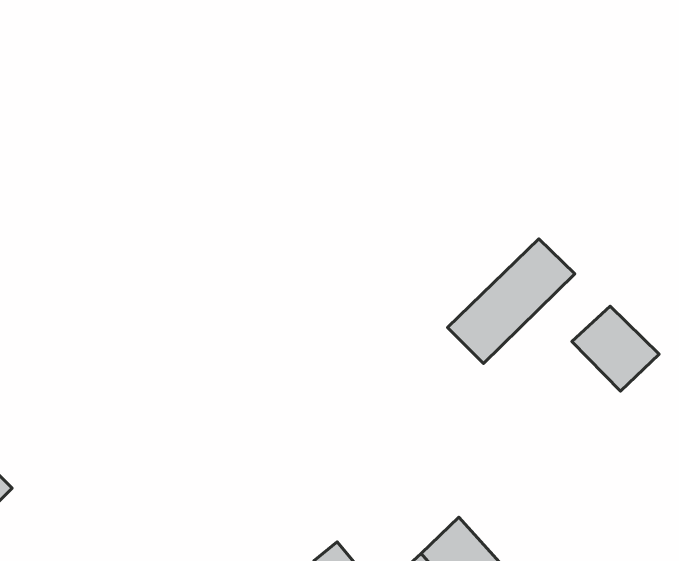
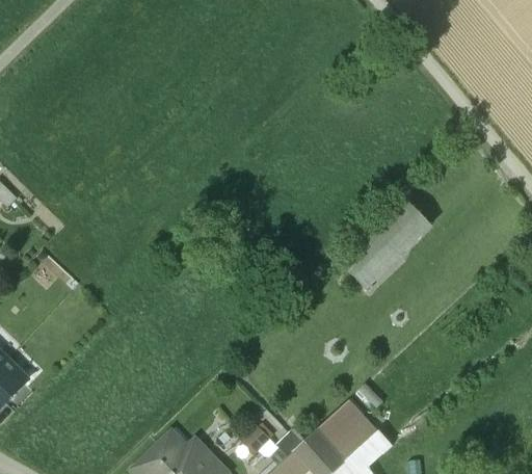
building: [572,306,659,391] -> none

